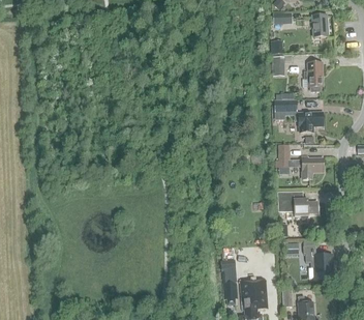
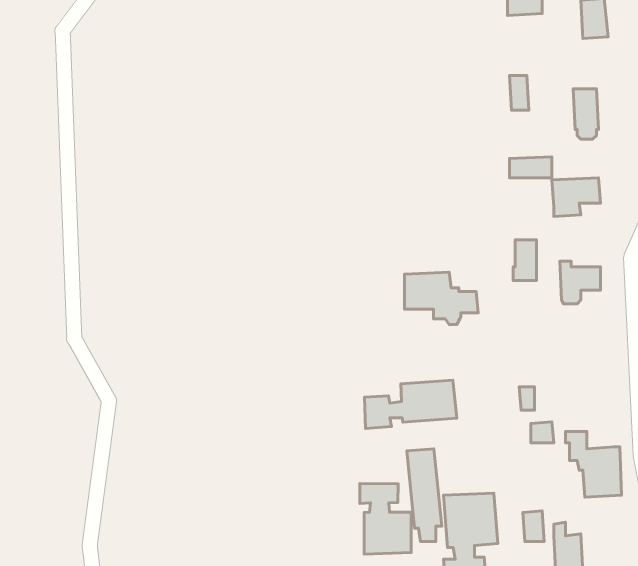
building: [278,191,317,219] -> [405,272,478,325]
building: none -> [365,380,457,428]
building: none -> [360,483,411,554]

